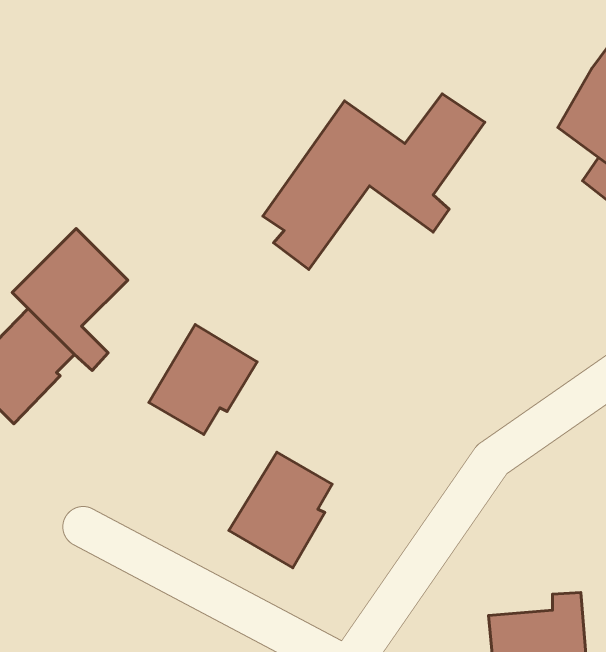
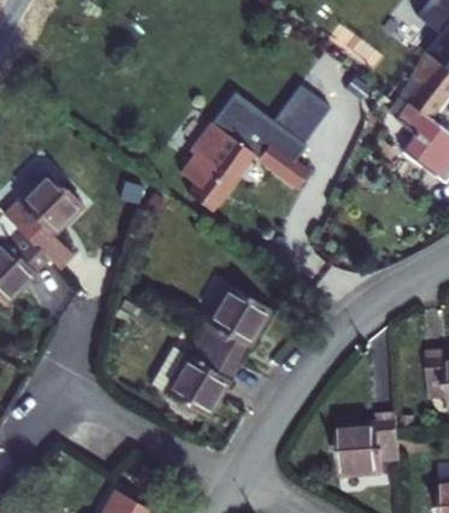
building: [149,324,257,434] -> [194,282,267,356]

